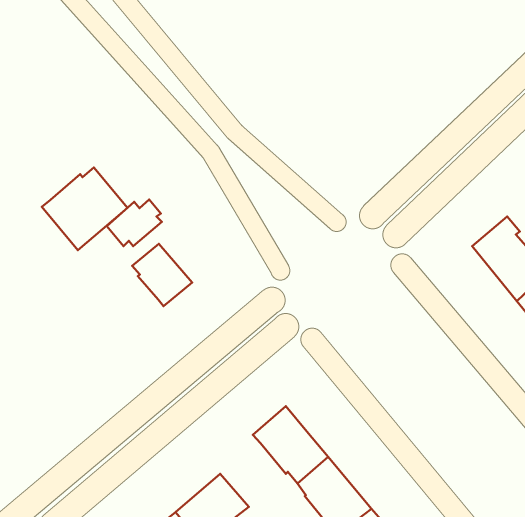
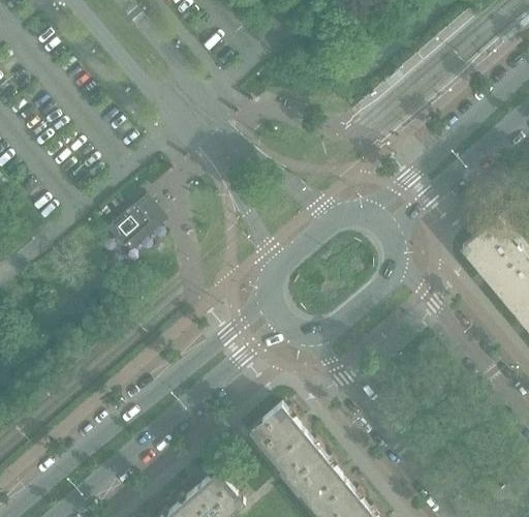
building: [42,167,127,250] -> none
building: [132,244,192,306] -> none

